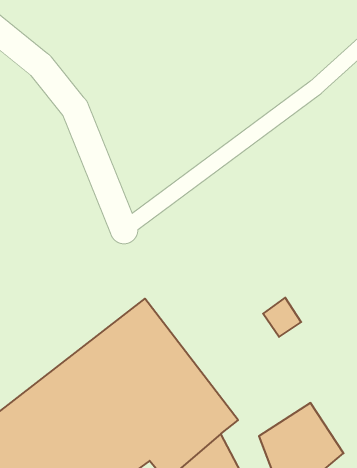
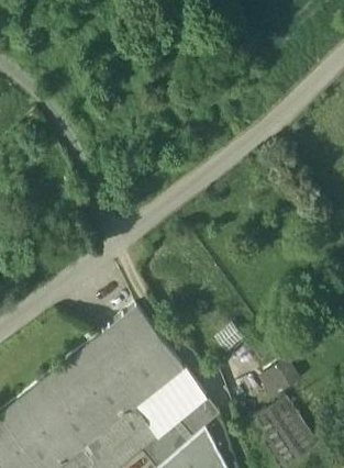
building: [263,298,301,337] -> [265,360,299,395]

